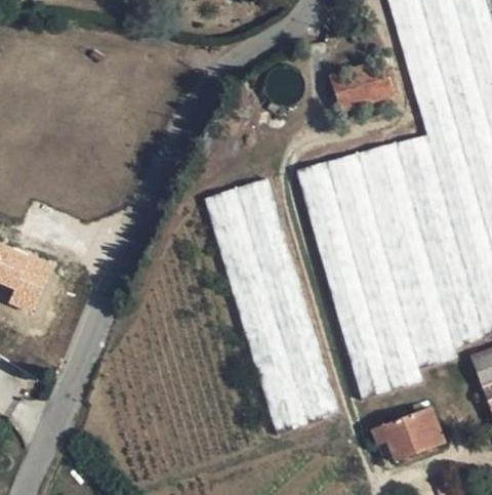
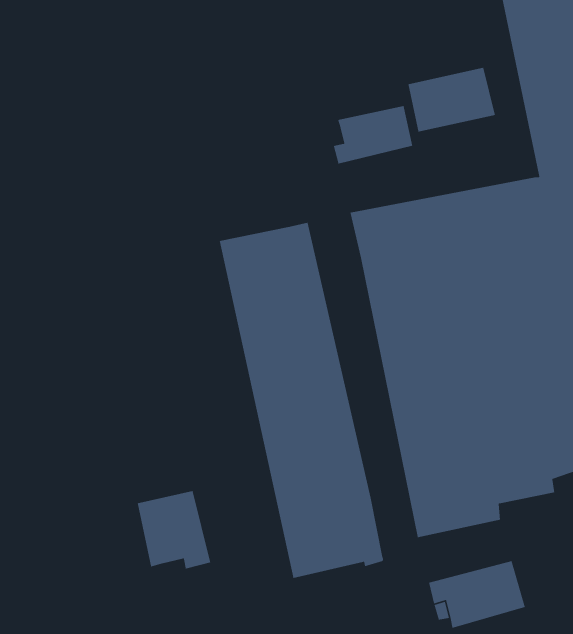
building: none -> [333,105,413,164]
building: none -> [137,490,211,569]

